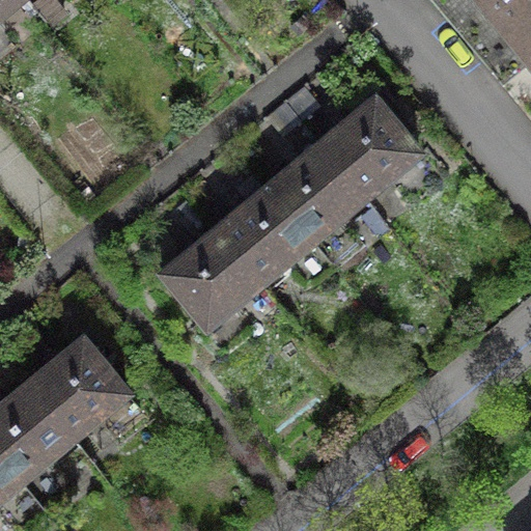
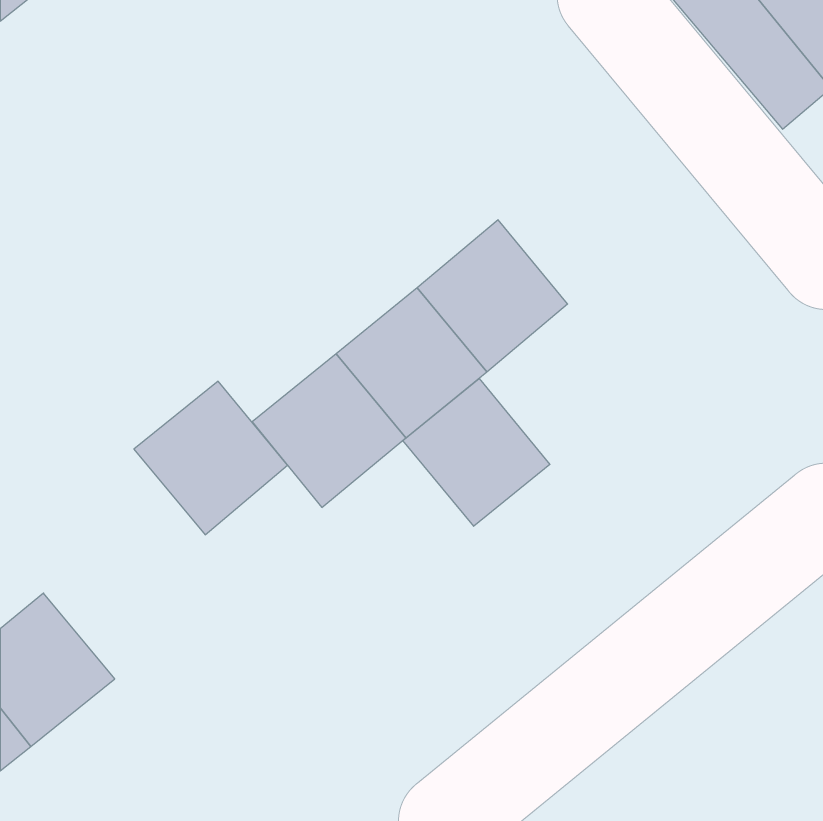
building: [322,96,421,195] -> none
building: none -> [403,379,550,526]
building: [30,337,129,436] -> [134,381,288,535]

